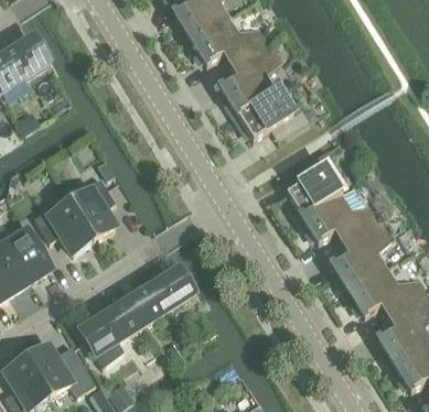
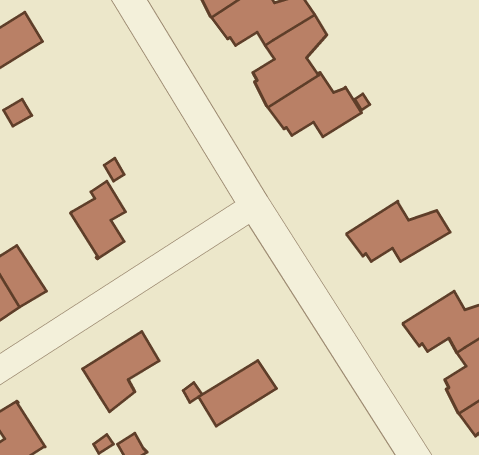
building: [286,147,342,218] -> none
building: [34,199,93,251] -> none
building: [332,217,393,292] -> none
building: [129,269,193,323] -> [199,360,276,426]
building: [26,343,95,395] -> none

